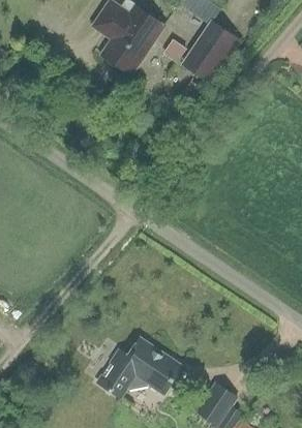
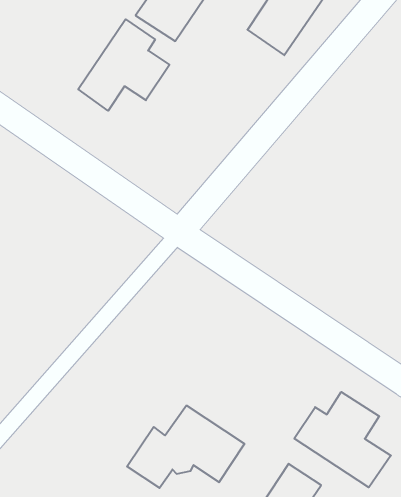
building: none -> [78,19,169,111]
building: none -> [294,392,391,487]

